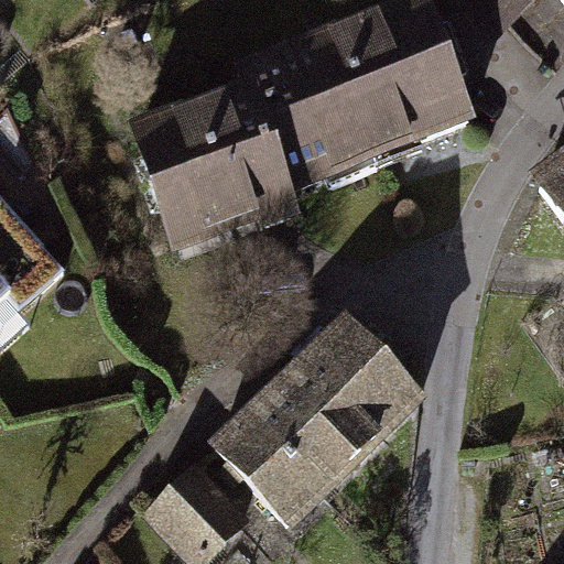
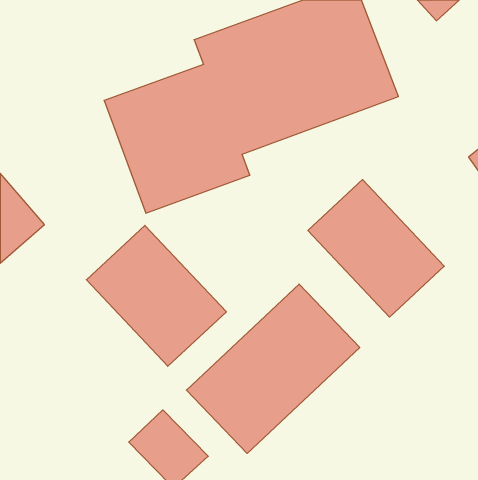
building: none -> [308,180,444,317]
building: none -> [86,225,226,366]

